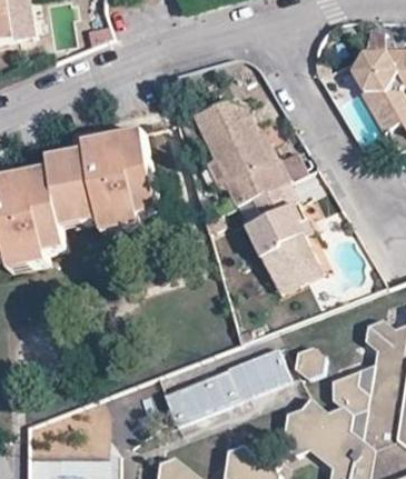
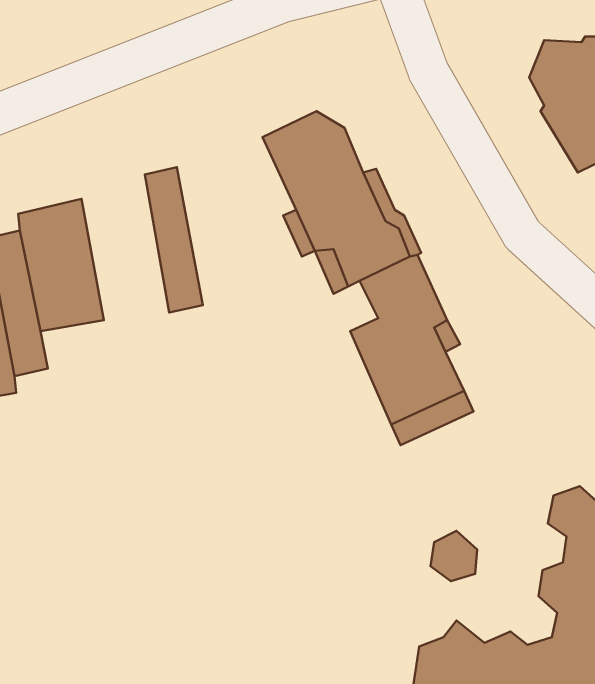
building: [85,132,140,231] -> none
building: [162,348,289,426] -> none
building: [333,368,370,412] -> none

